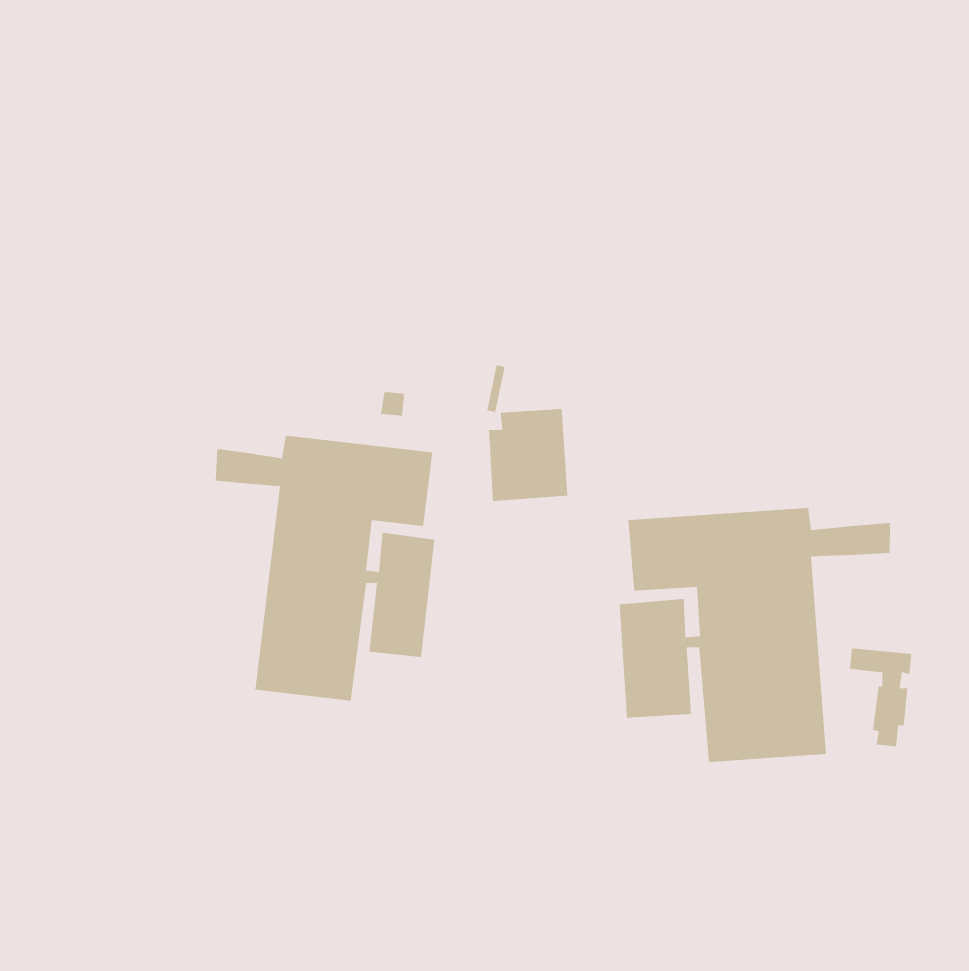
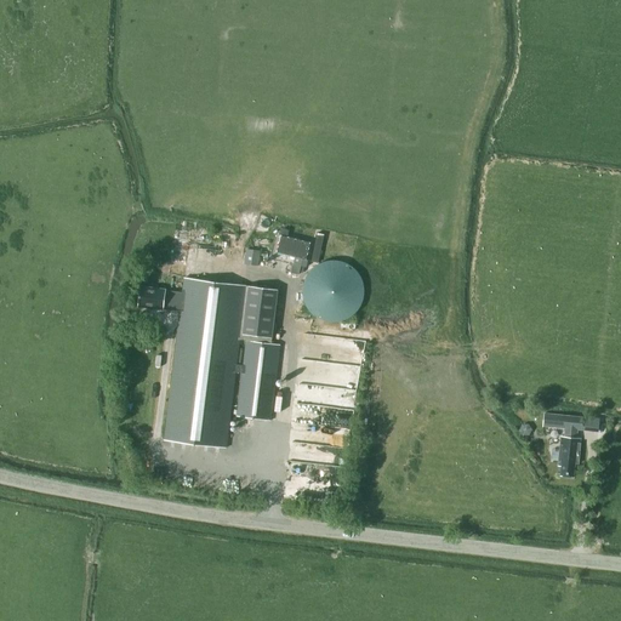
building: none -> [275,235,309,274]
building: [619,507,890,763] -> none

